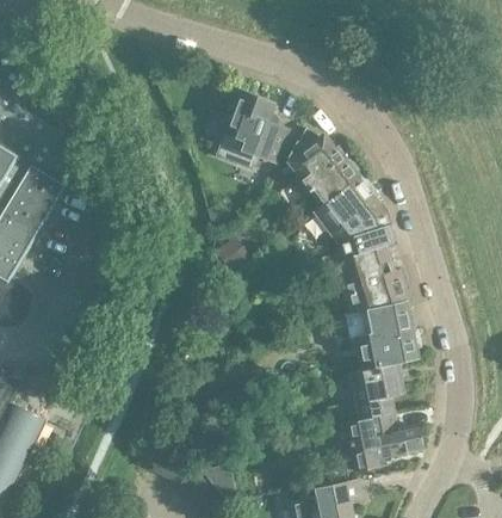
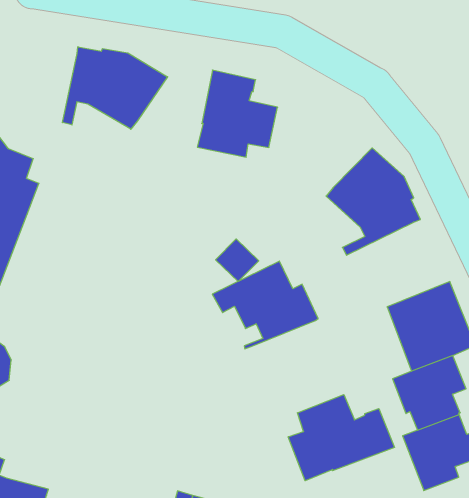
building: none -> [62,47,168,129]
building: [290,132,361,208] -> none
building: [324,248,409,316] -> [212,261,318,349]
building: none -> [288,395,395,481]

